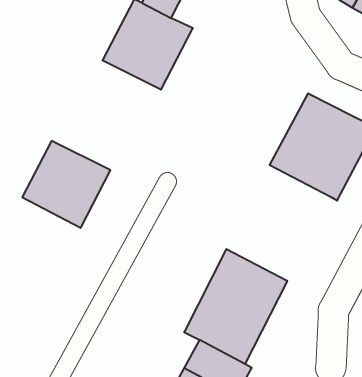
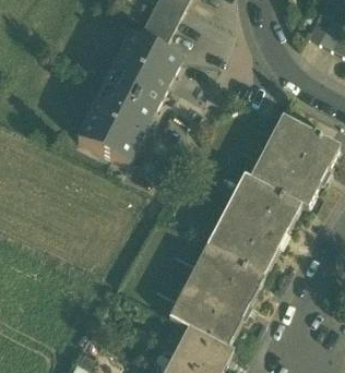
building: [22,141,110,228] -> [80,88,155,163]
building: none -> [211,178,300,277]

